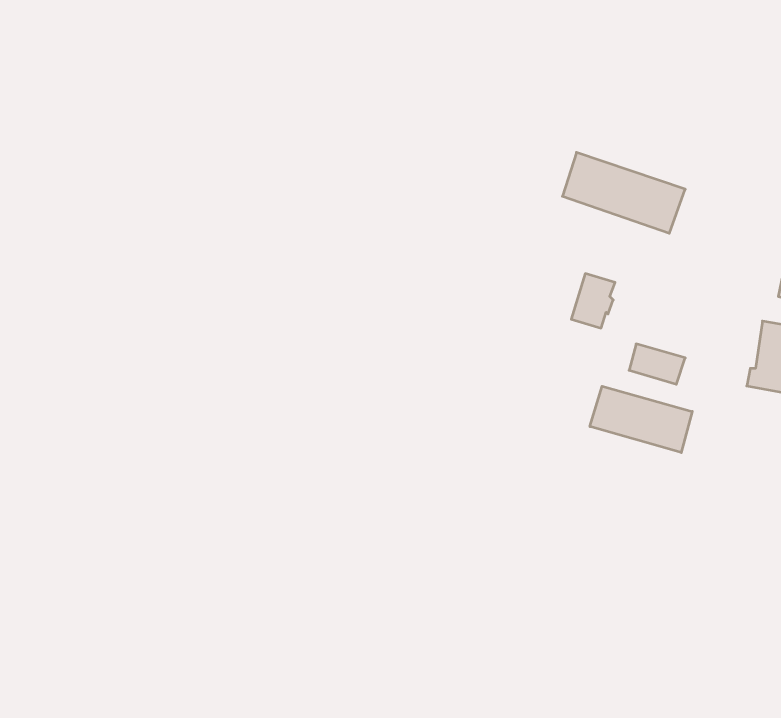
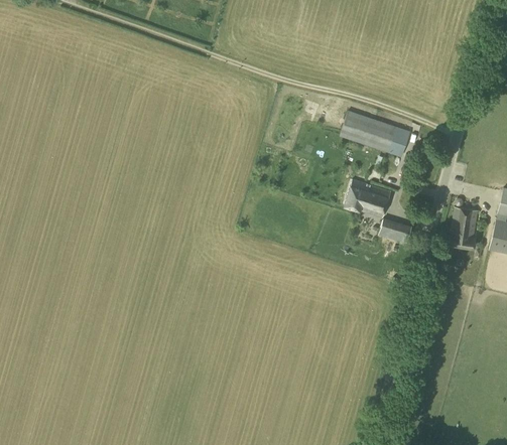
building: none -> [363,184,391,217]
building: [590,386,692,453] -> none

